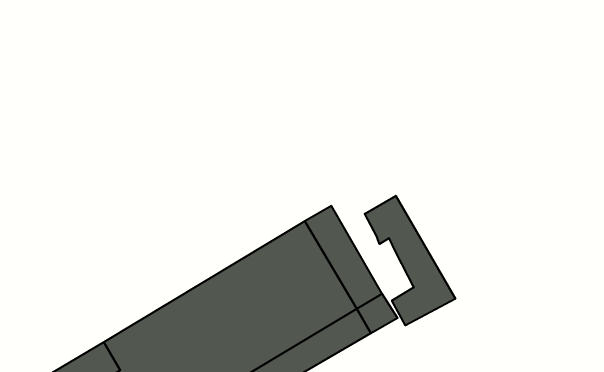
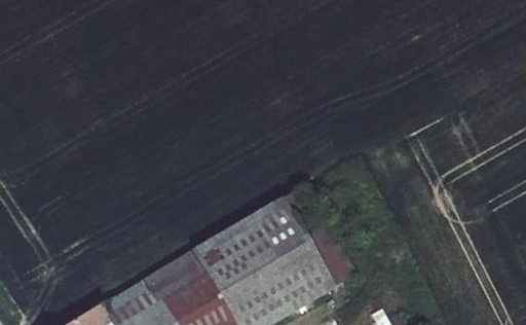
building: [365,196,455,325] -> none

